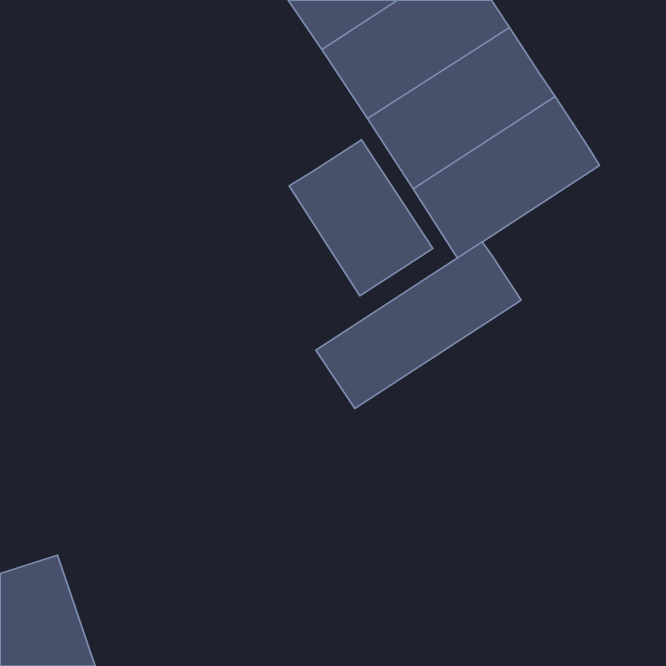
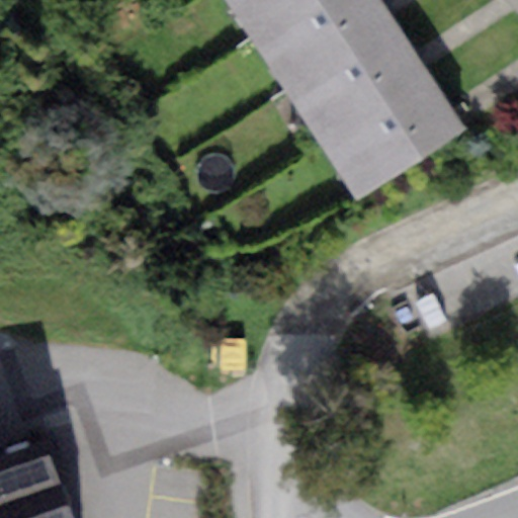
building: [289,140,433,296] -> none
building: [316,242,521,409] -> none

